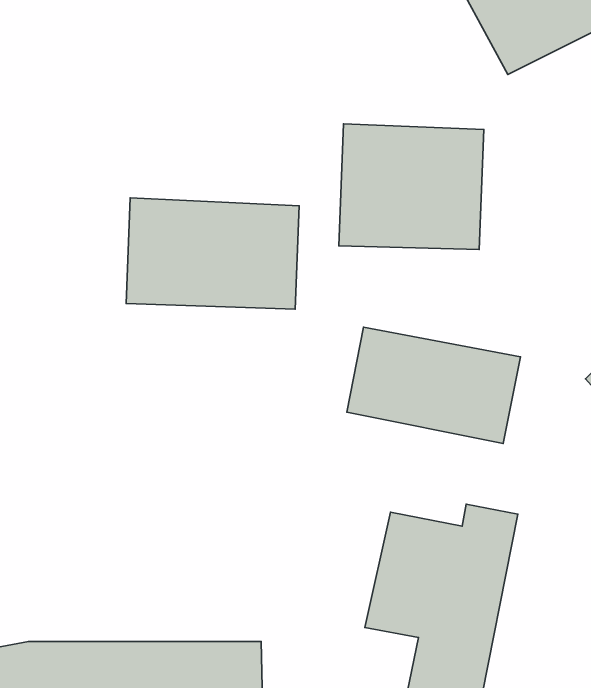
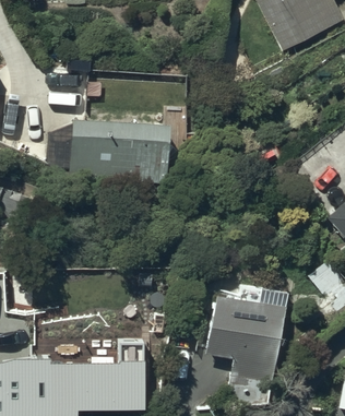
building: [339,124,484,249] -> none
building: [347,327,520,443] -> none

